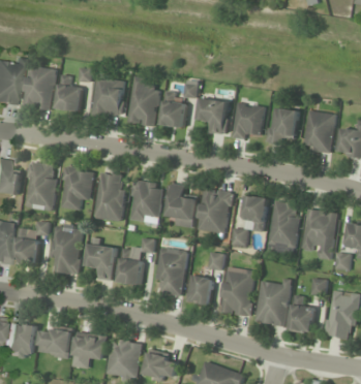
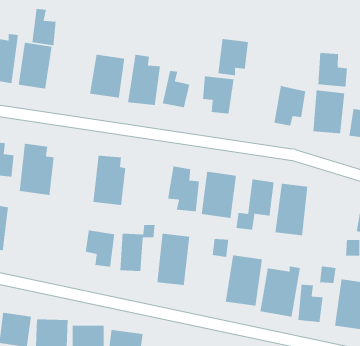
building: none -> [318,52,348,87]
building: [57,75,81,111] -> [32,8,56,46]
building: [233,103,263,139] -> [217,38,249,76]
building: [60,166,94,210] -> none
building: [129,181,163,223] -> none
building: [301,209,338,259] -> none
building: [50,226,84,275] -> none
building: [13,228,38,264] -> none
building: [186,274,214,306] -> none

